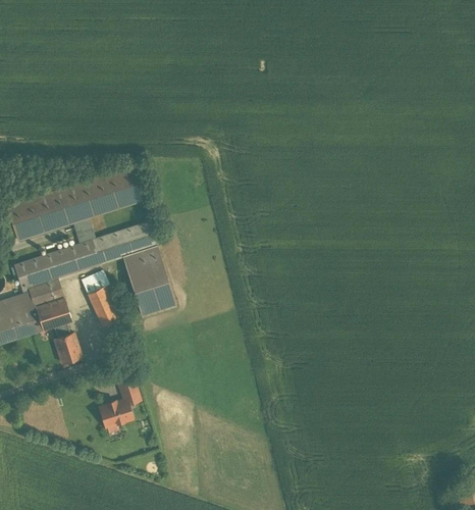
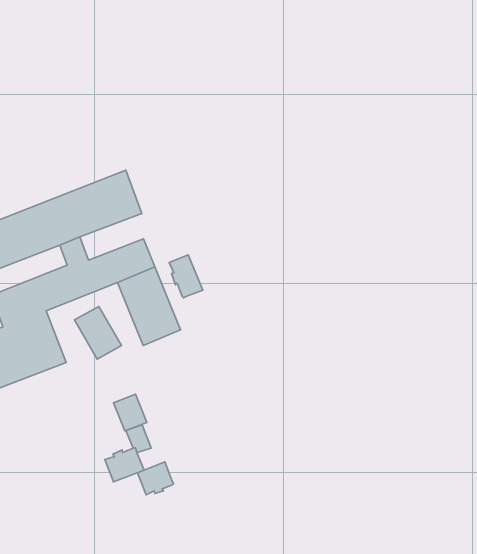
building: none -> [169,255,203,298]
building: [55,333,83,363] -> [113,394,147,431]
building: none -> [138,462,173,495]

